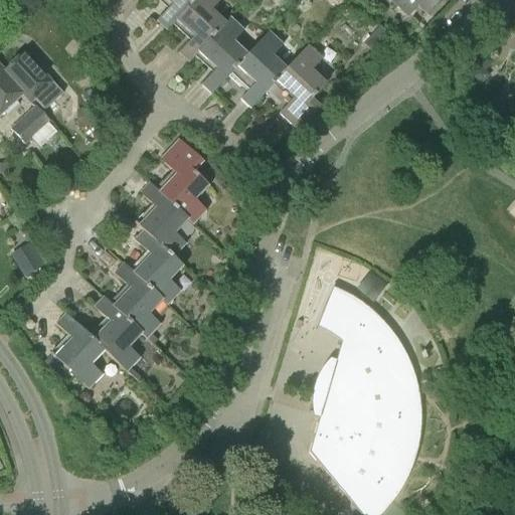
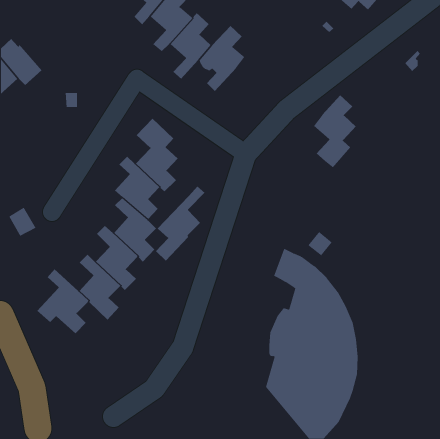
building: [278,43,328,129] -> [313,95,356,168]
building: [12,104,52,143] -> none
building: none -> [155,186,205,262]

